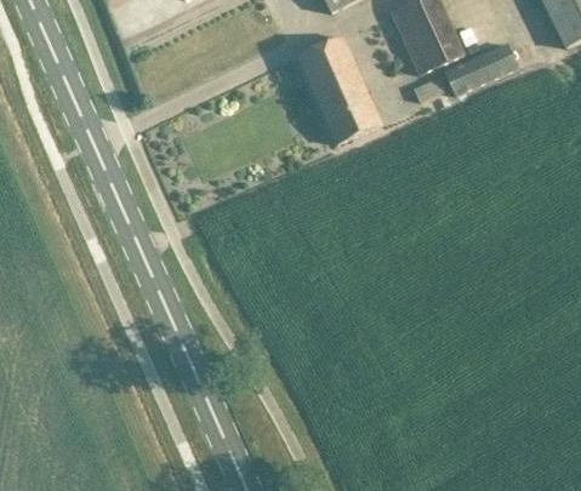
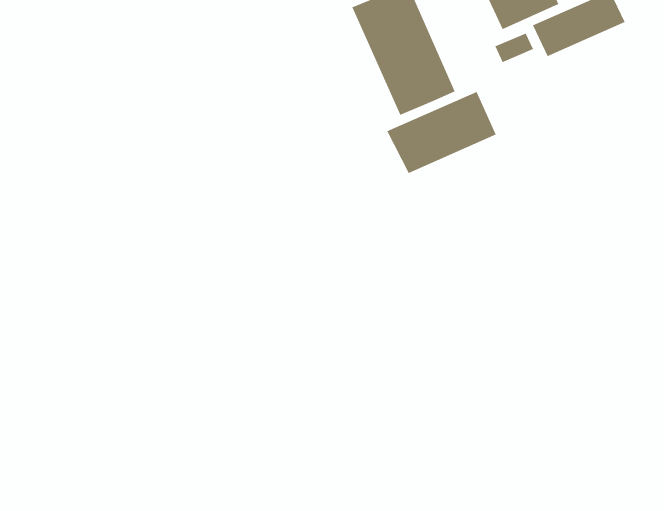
building: none -> [387,91,497,174]

